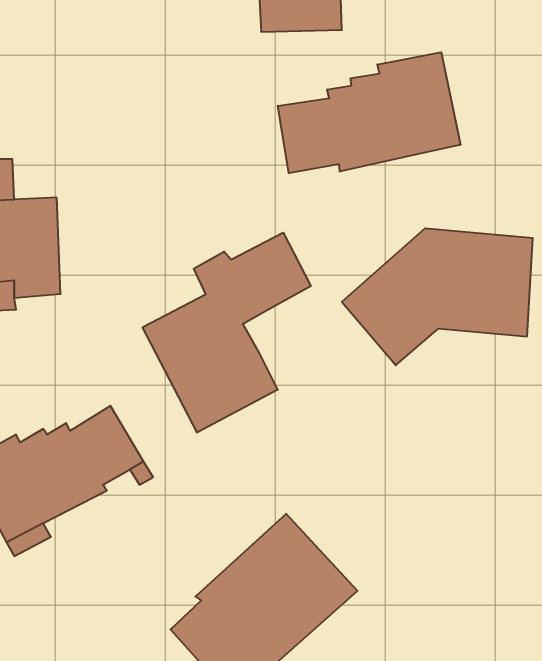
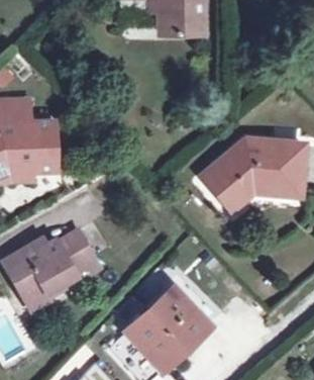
building: [278,52,460,173] -> none
building: [143,233,311,433] -> none

